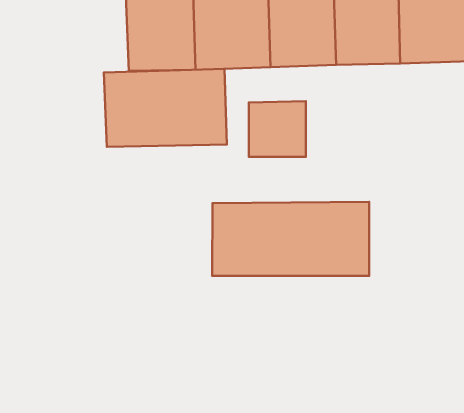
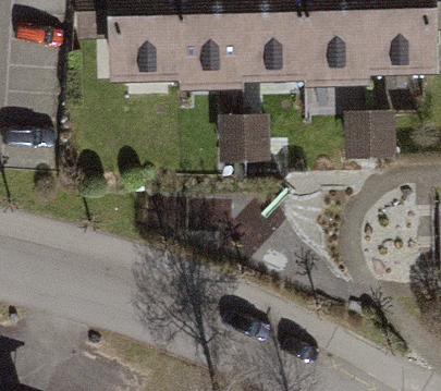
building: [104,69,227,147] -> none
building: [212,202,369,276] -> none

